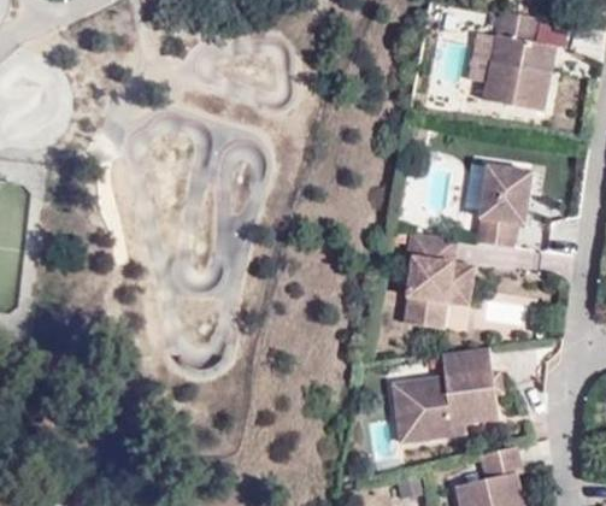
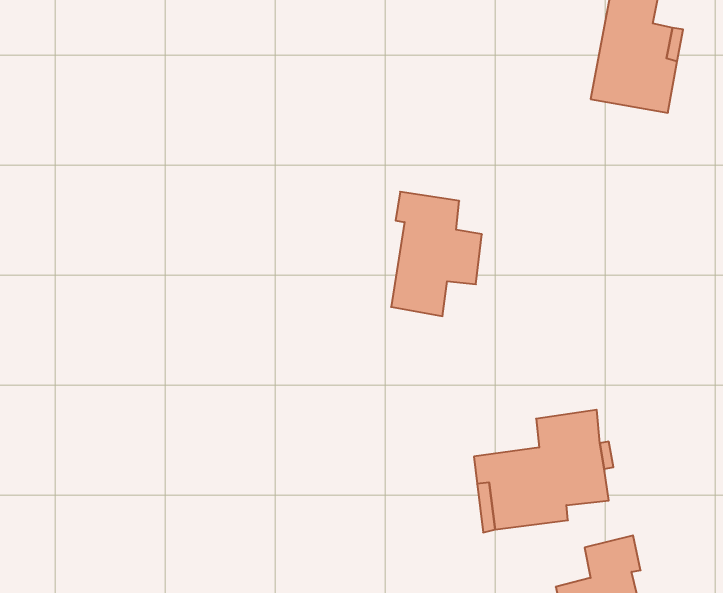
building: [475,163,531,245] -> none
building: [401,229,473,328] -> [391,192,482,316]

